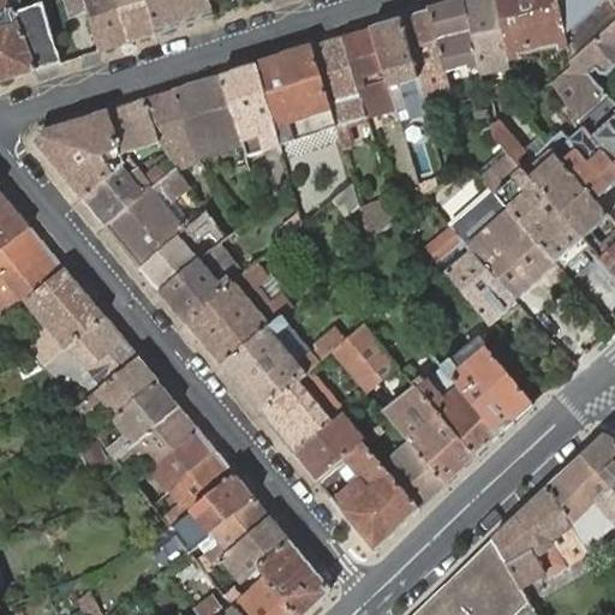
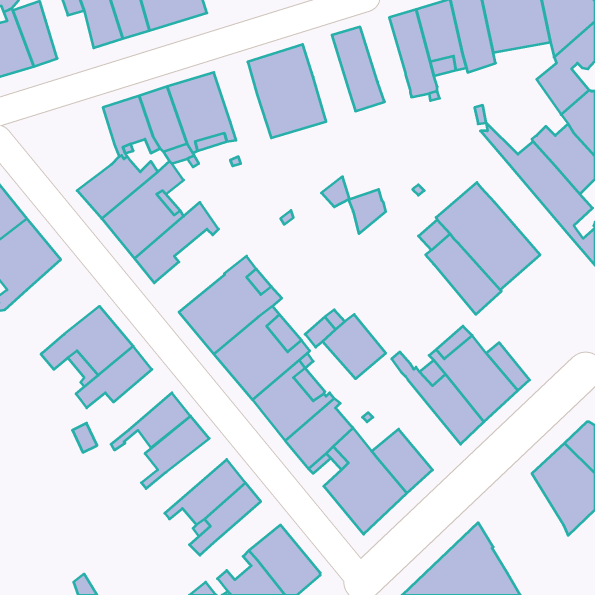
building: [370,18,422,109] -> none
building: [311,36,365,143] -> none
building: [220,64,279,151] -> none
building: [34,111,118,196] -> none
building: [483,135,583,262] -> none
building: [159,241,243,321] -> none
building: [5,267,102,364] -> none
building: [108,380,177,456] -> none
building: [386,387,473,483] -> none
building: [165,450,233,527] -> none
building: [491,486,586,589] -> none
building: [205,515,288,581] -> none

